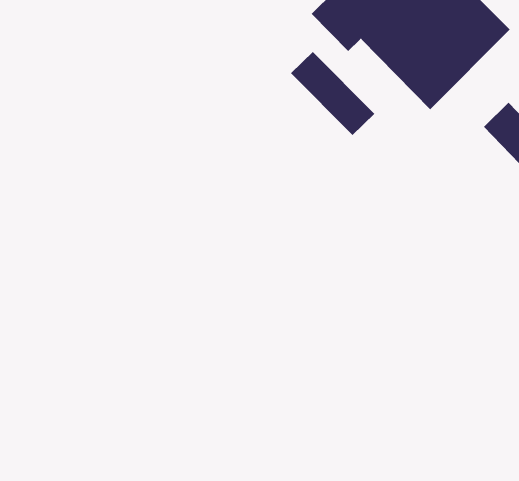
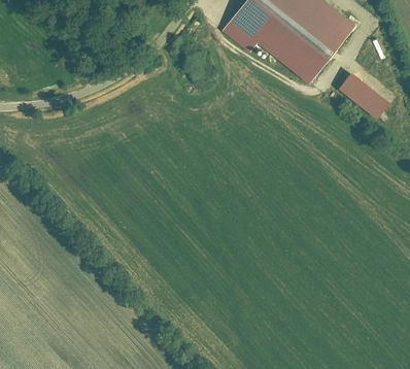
building: [290,51,375,136] -> none

